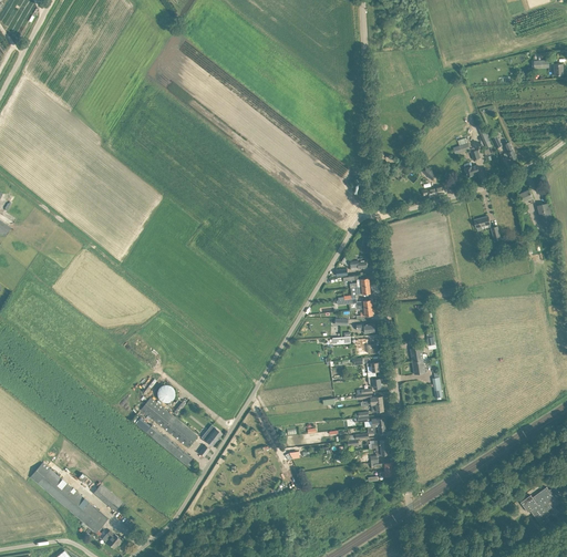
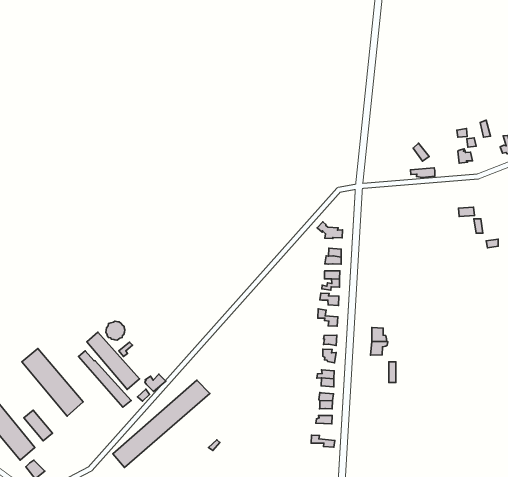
building: none -> [22,349,83,416]
building: none -> [113,380,210,467]

